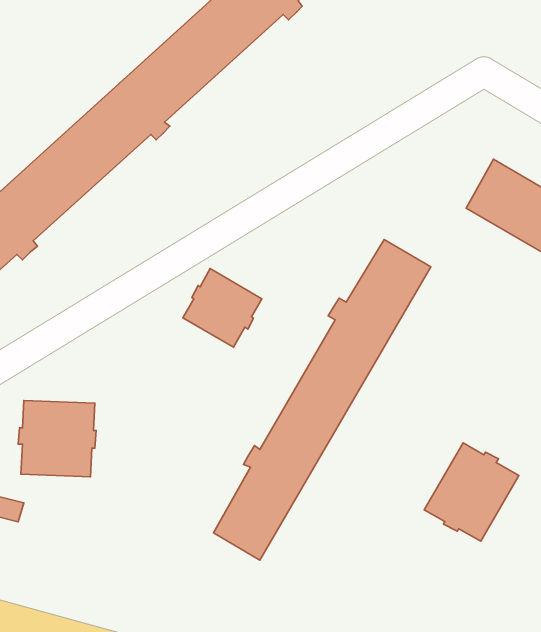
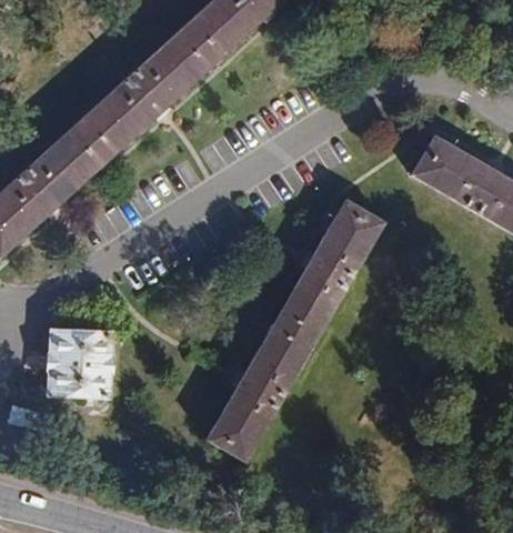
building: [183,269,262,347] -> none
building: [424,443,519,541] -> none

